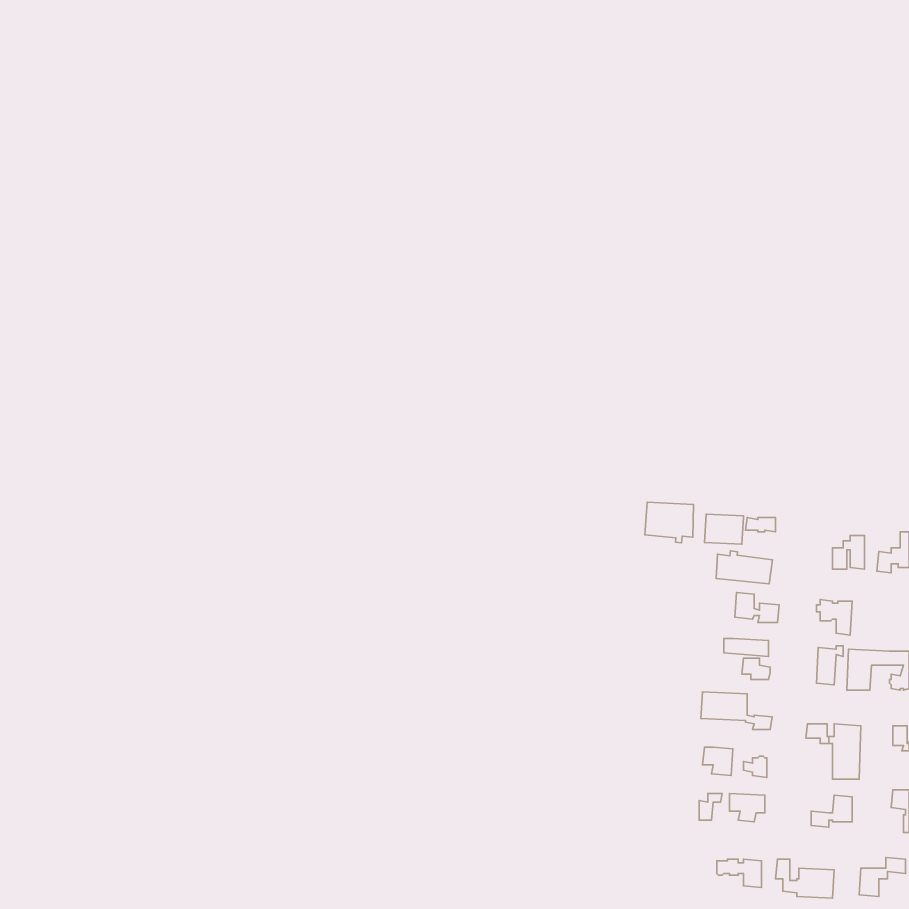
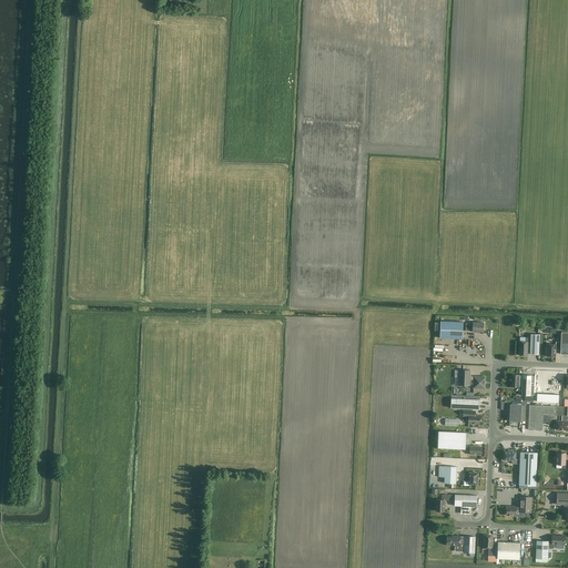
building: [645,502,694,543] -> none
building: [716,551,772,584] -> none

